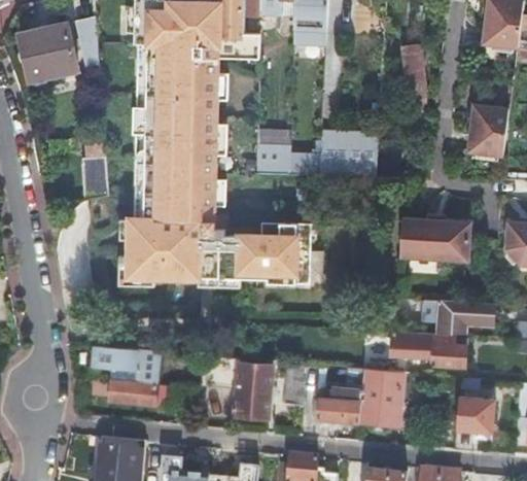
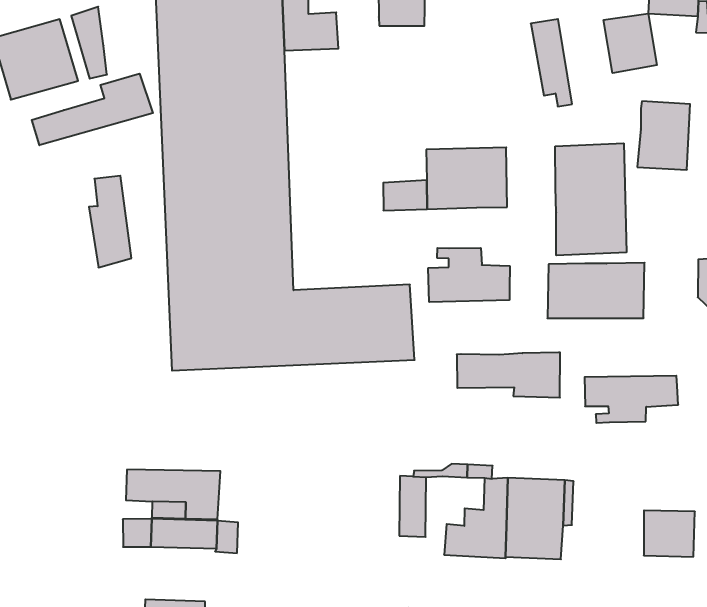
building: none -> [604,13,657,73]
building: none -> [32,74,153,145]
building: none -> [555,143,626,255]
building: [255,147,289,173] -> none
building: none -> [428,248,510,302]
building: [391,331,465,366] -> [457,352,560,398]
building: [205,354,273,420] -> none

